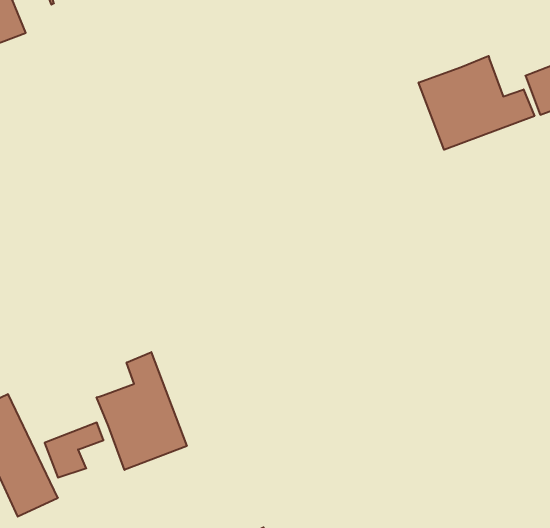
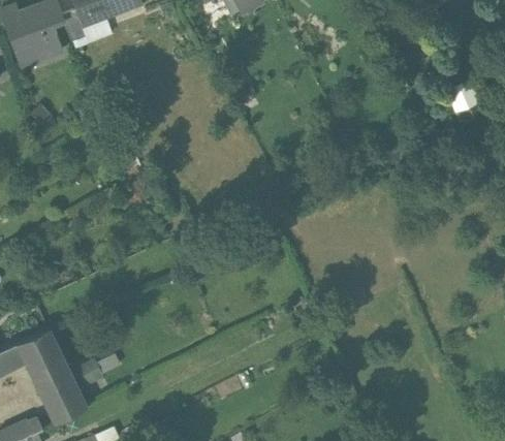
building: [419,56,534,150] -> none
building: [97,352,187,470] -> none

